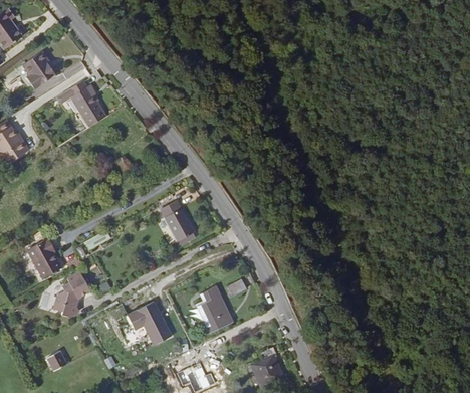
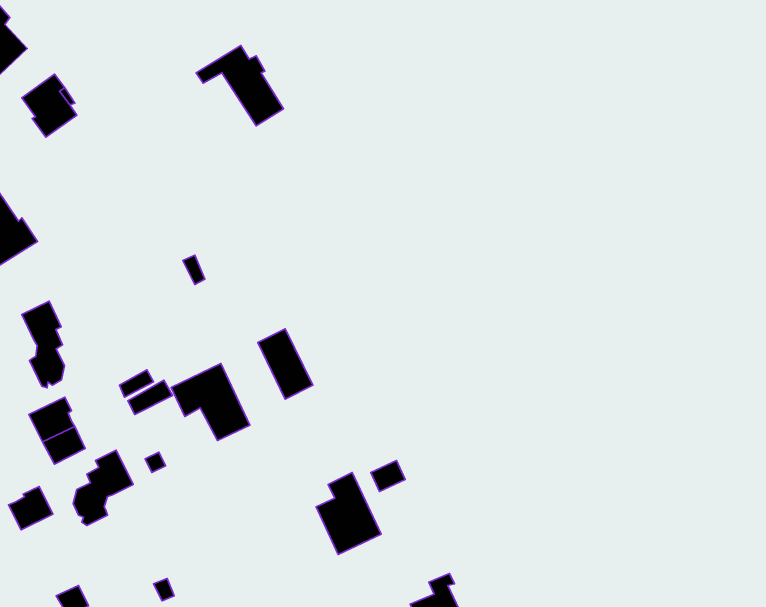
building: [62,78,113,126] -> [196,45,284,126]
building: none -> [22,301,64,388]
building: [122,292,168,338] -> [171,363,250,440]
building: none -> [9,487,53,530]

